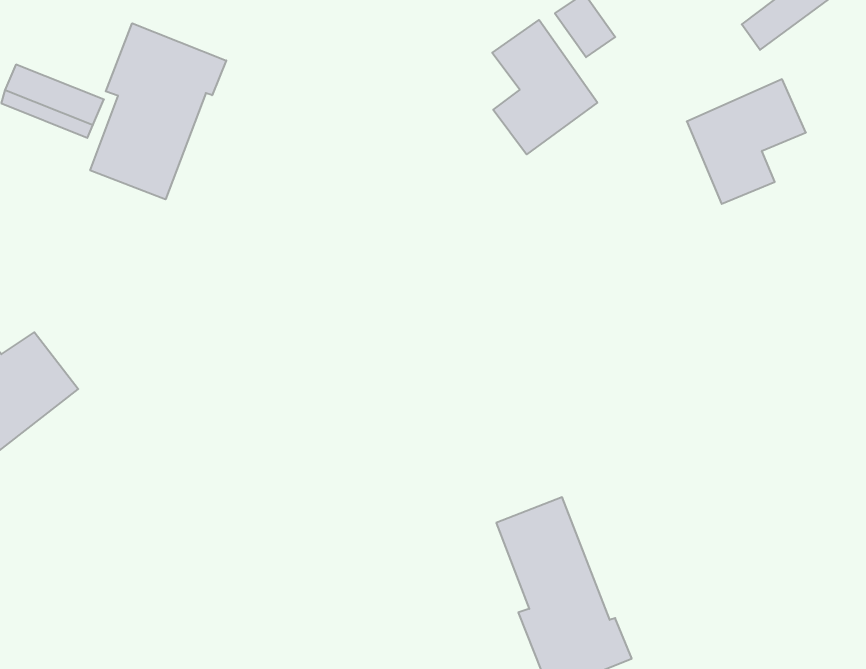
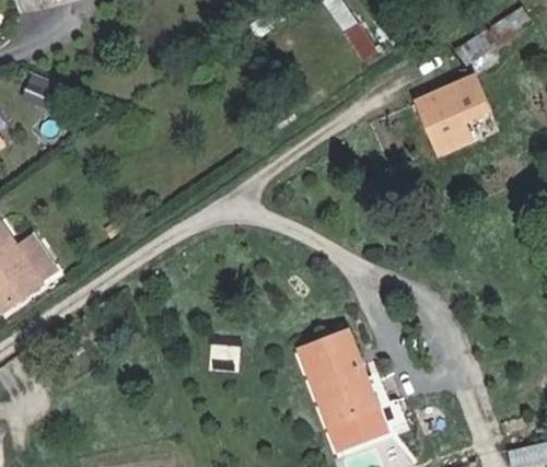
building: [492,20,597,154] -> none
building: [90,23,226,199] -> none

